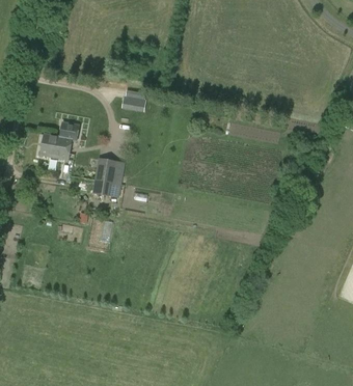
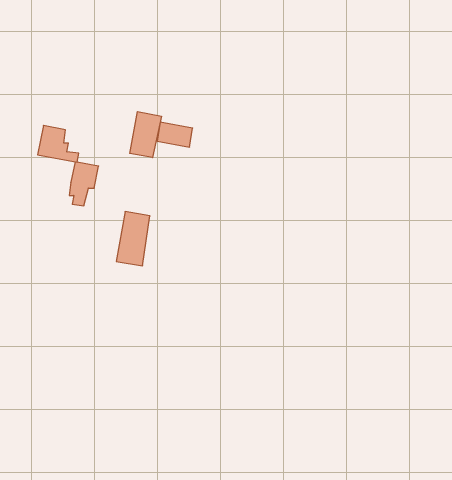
building: none -> [130,112,161,158]
building: [40,133,70,159] -> [38,125,79,162]

